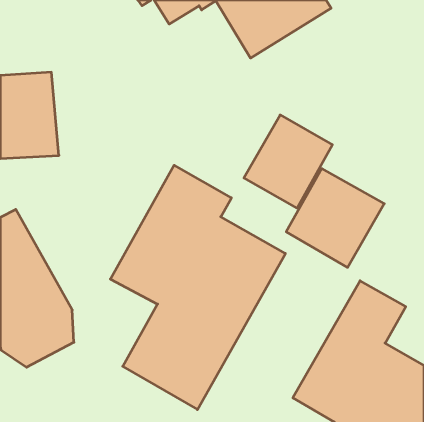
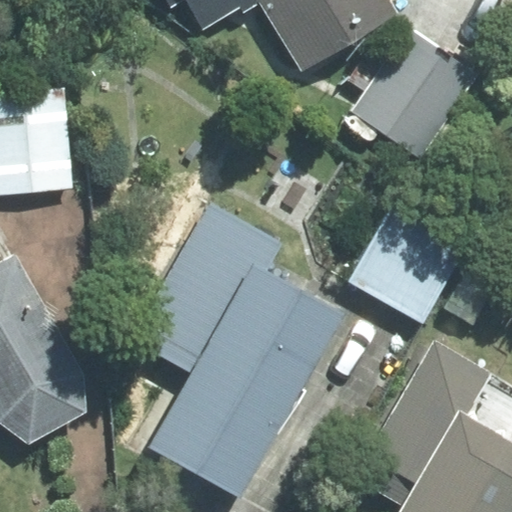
building: none -> [350,27,476,159]
building: [244,115,332,208] -> none

